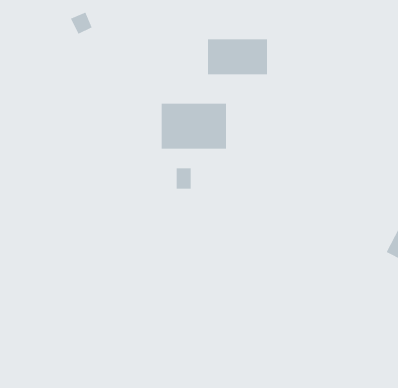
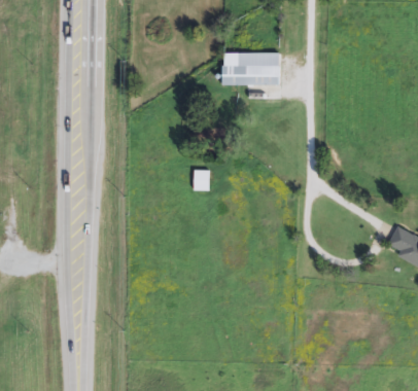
building: [161,103,226,150] -> none

